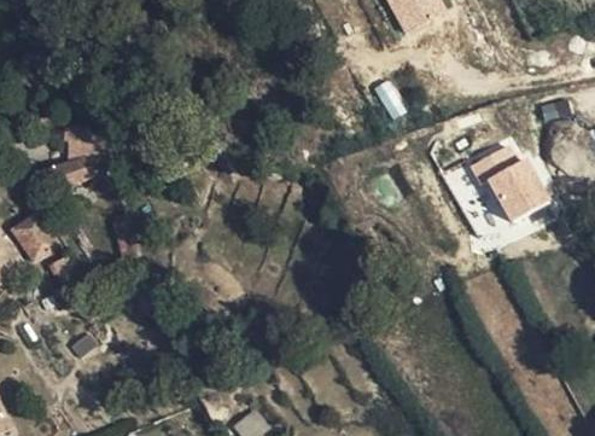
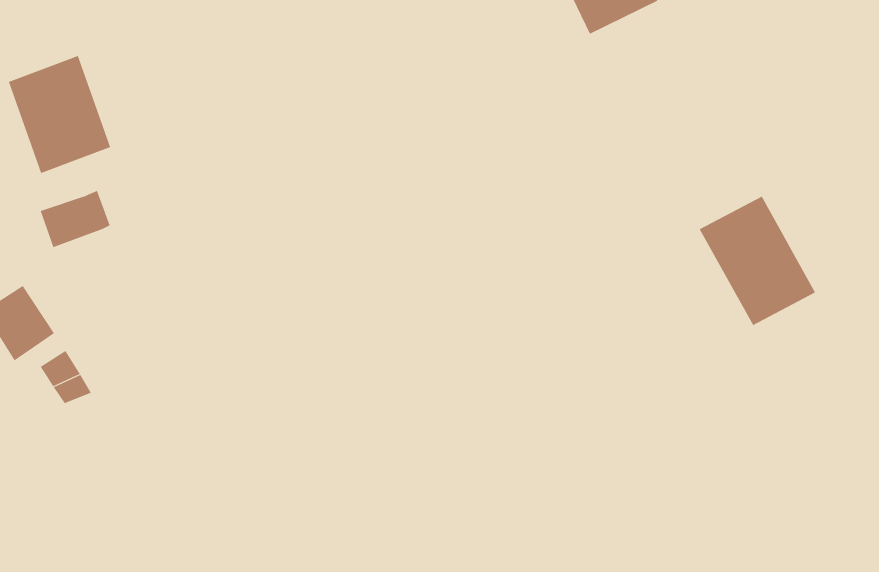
building: none -> [8,55,111,174]

